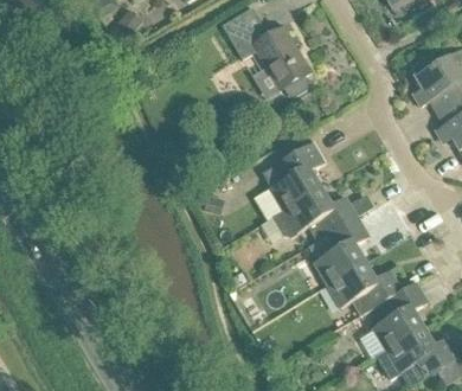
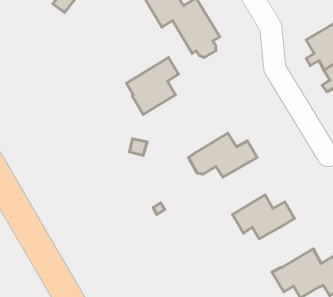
building: [263,142,326,211] -> [126,58,178,115]
building: [314,217,370,286] -> none
building: [373,282,429,350] -> none

